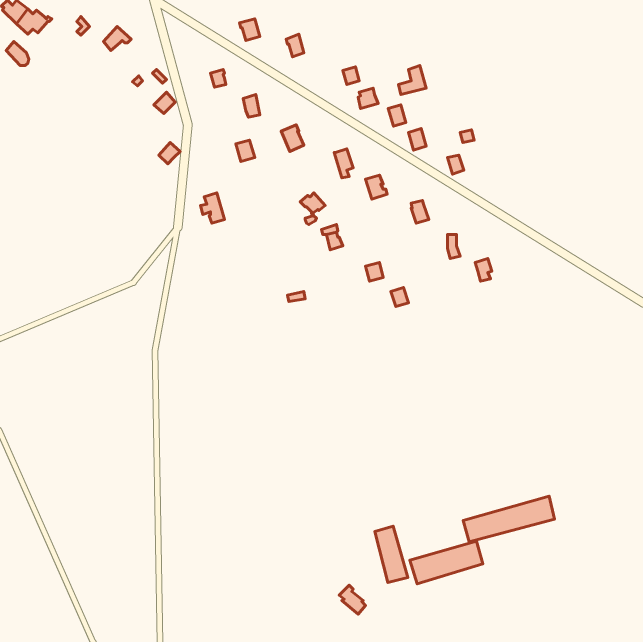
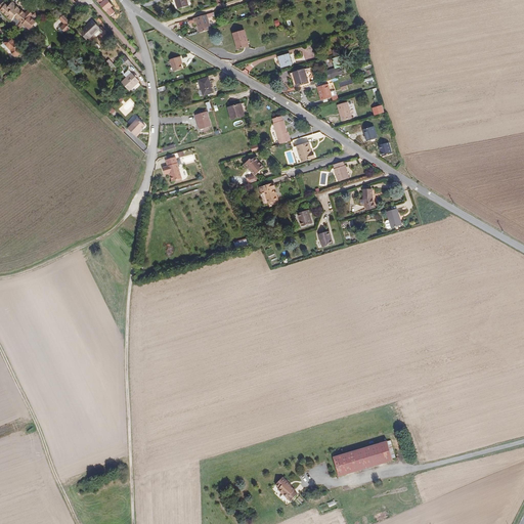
building: [463,496,555,542] -> none
building: [375,526,408,583] -> none

